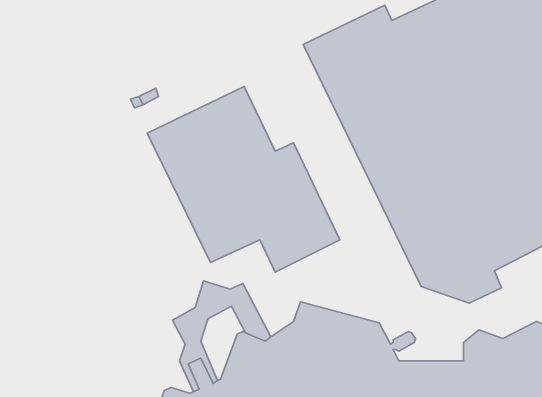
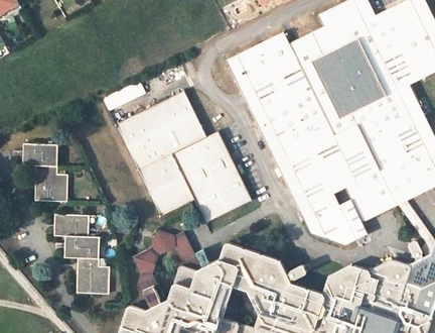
building: none -> [23,143,65,202]
building: none -> [54,215,108,294]

